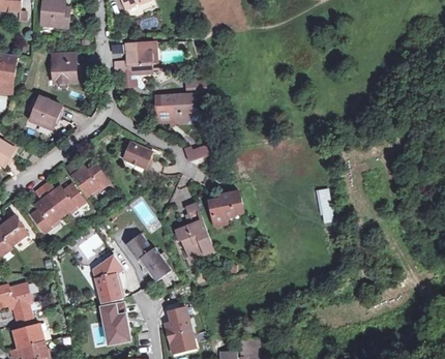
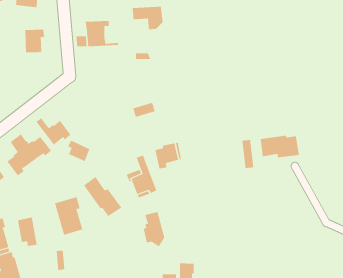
building: [154,93,192,122] -> [132,6,163,30]
building: [30,96,61,128] -> none
building: [122,140,150,167] -> [67,140,90,162]
building: none -> [260,135,299,158]
building: [103,304,128,340] -> [17,217,37,247]
building: [167,307,194,351] -> [143,212,165,247]

